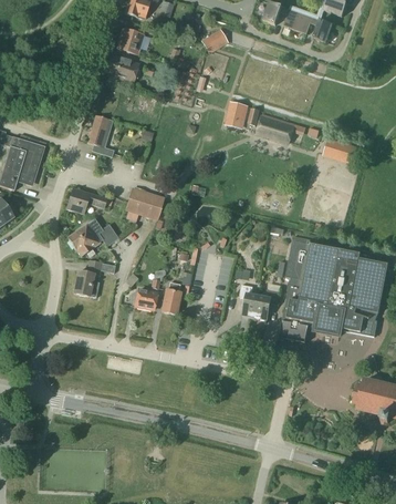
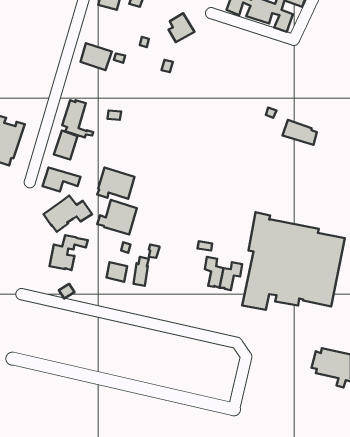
building: [115,28,144,55] -> none
building: [223,101,248,128] -> none
building: [257,114,294,142] -> none
building: none -> [54,130,77,160]
building: none -> [97,200,137,235]

